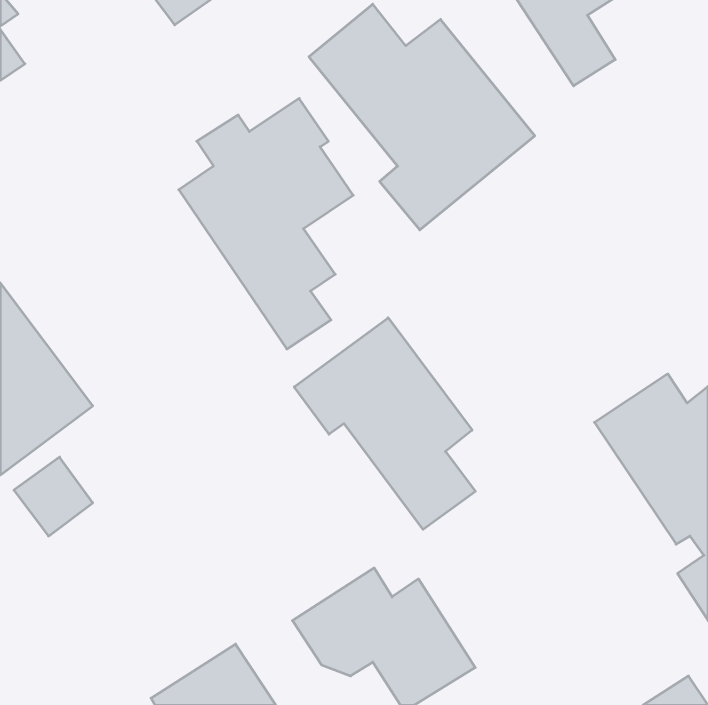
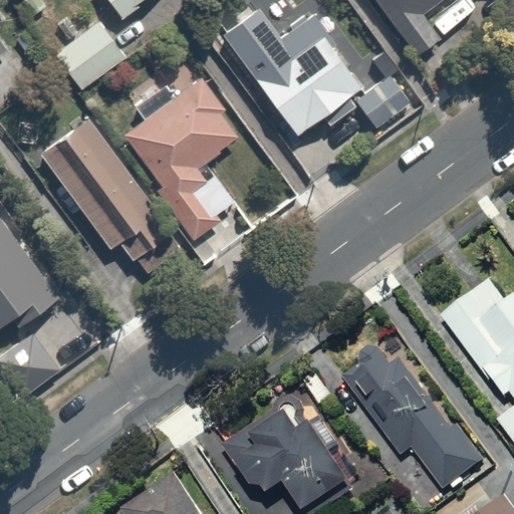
building: none -> [61,19,128,83]
building: none -> [34,113,186,275]
building: [294,318,475,529] -> none
building: none -> [332,349,468,486]

